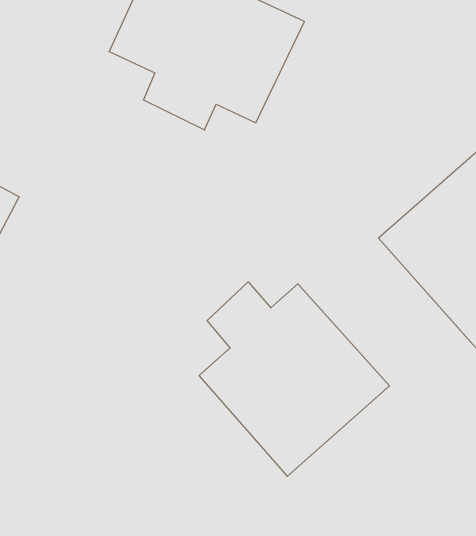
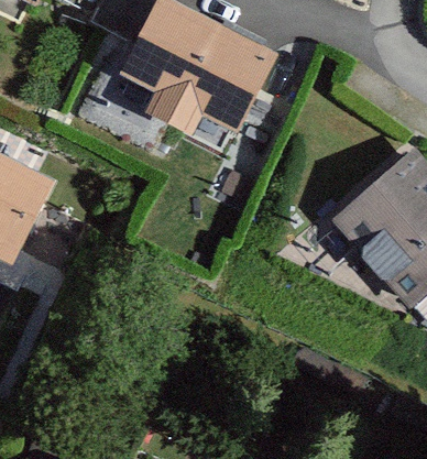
building: [199,282,390,476] -> none

